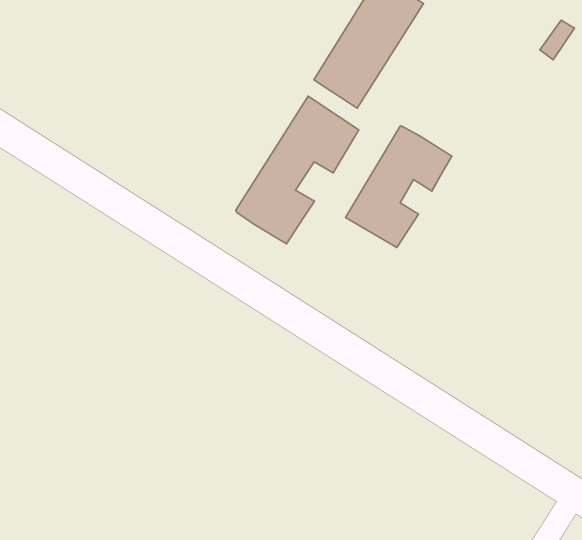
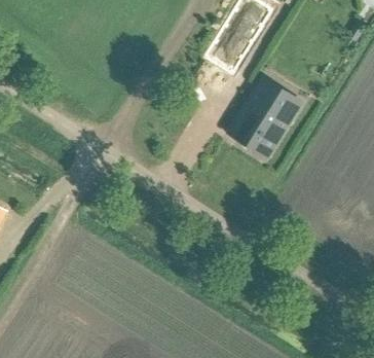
building: [236,96,359,244] -> none

